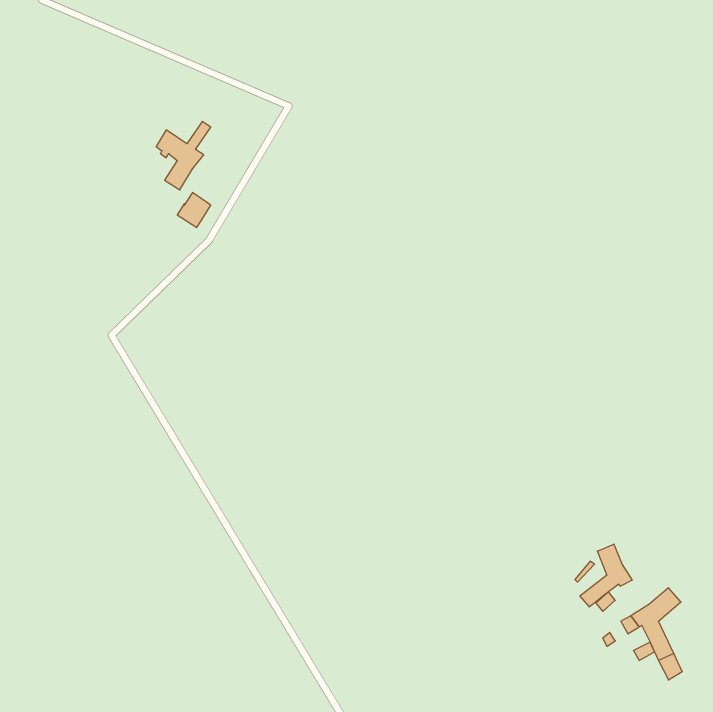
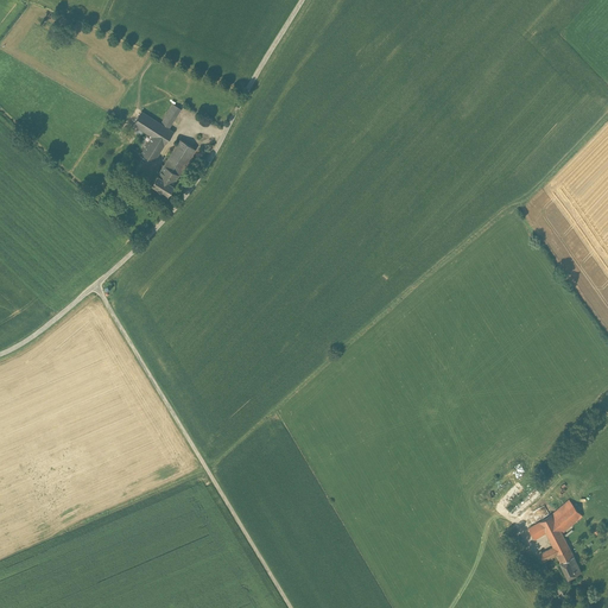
building: none -> [164,140,195,176]
building: [580,544,632,607] -> none

